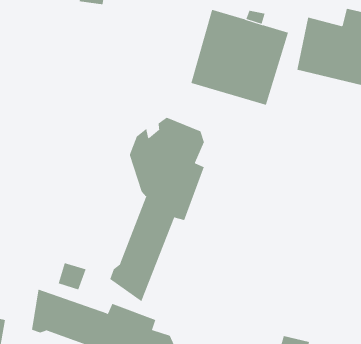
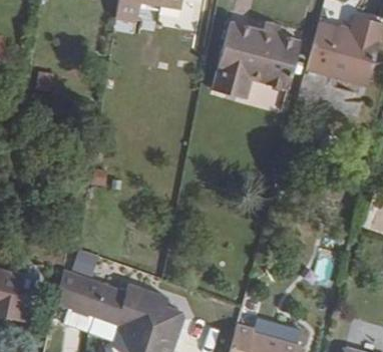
building: [109,117,205,302] -> none

